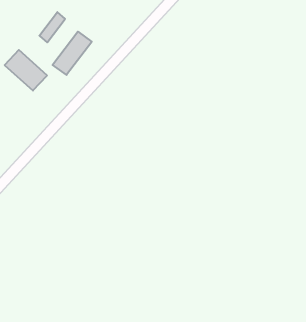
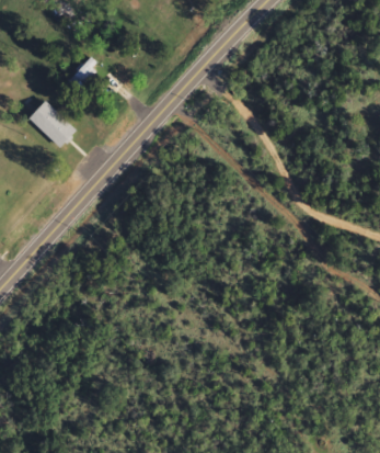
building: [53,32,92,75] -> none

